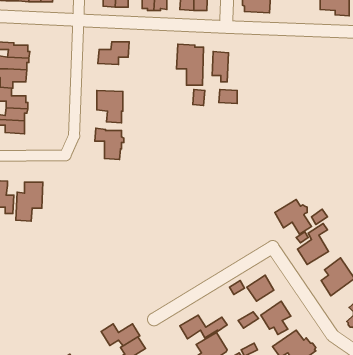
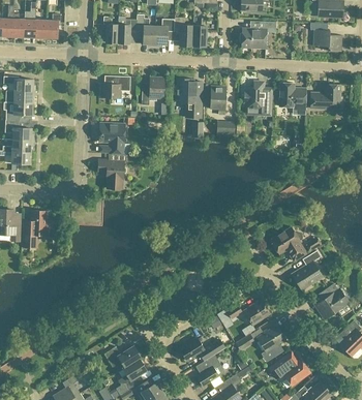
building: none -> [141,76,163,104]
building: none -> [244,81,271,115]
building: none -> [278,82,306,106]
building: none -> [310,84,339,109]

